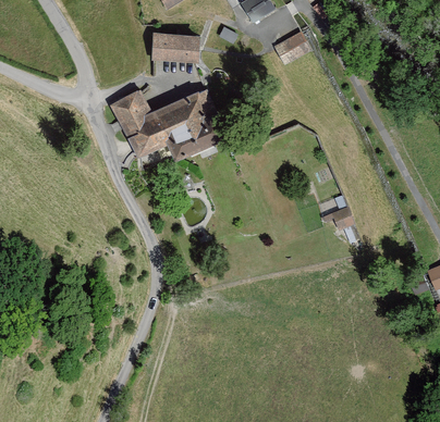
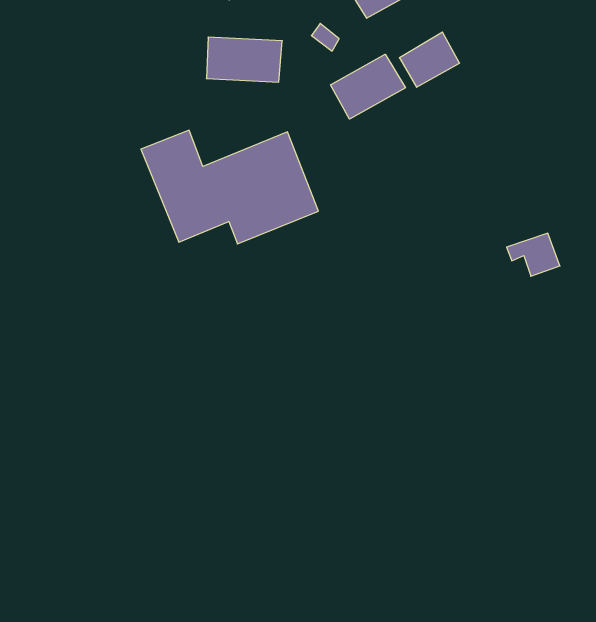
building: none -> [331,54,405,119]
building: [322,203,356,231] -> [507,233,560,276]

